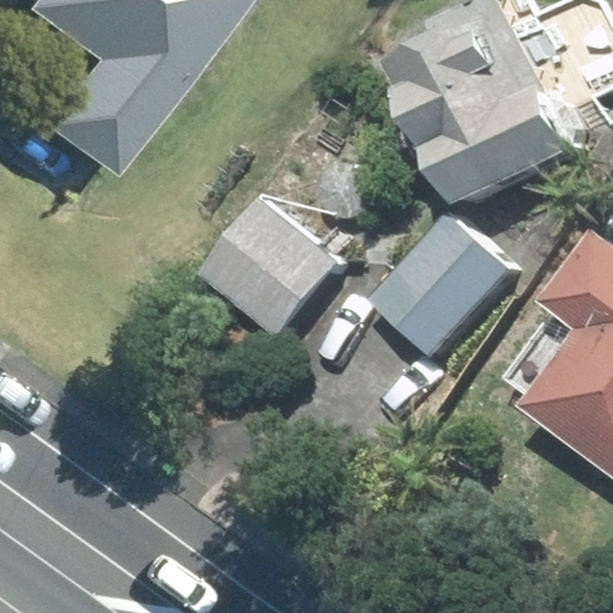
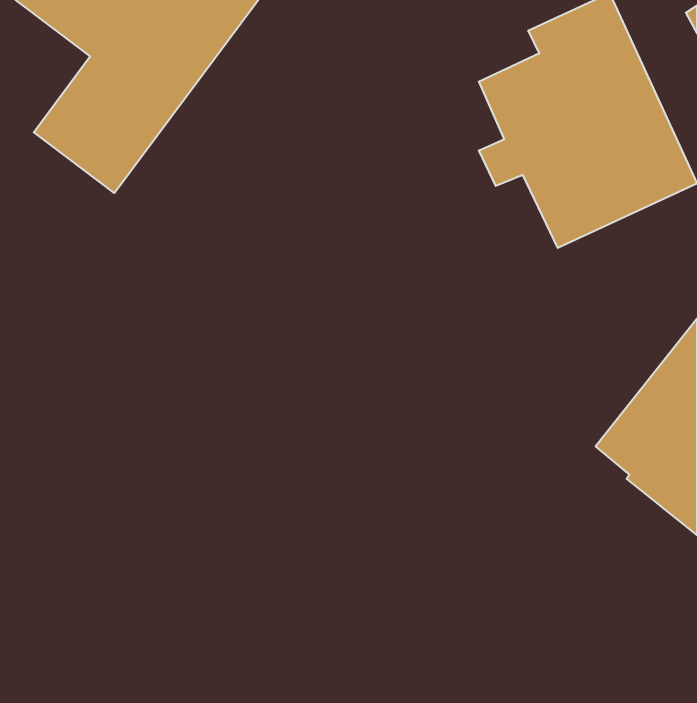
building: [205,199,340,335] -> none
building: [372,214,516,357] -> none

